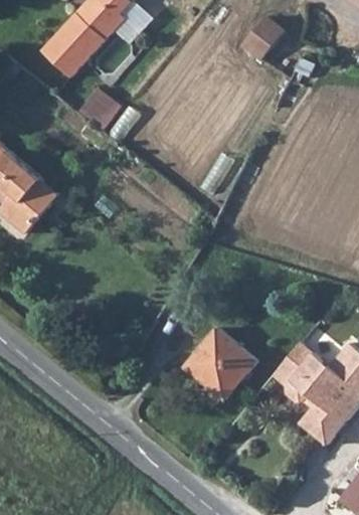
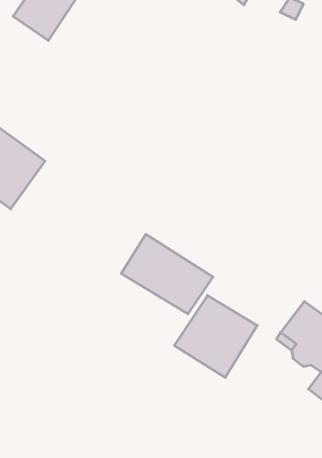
building: [81,87,127,132] -> none
building: none -> [121,234,213,314]

